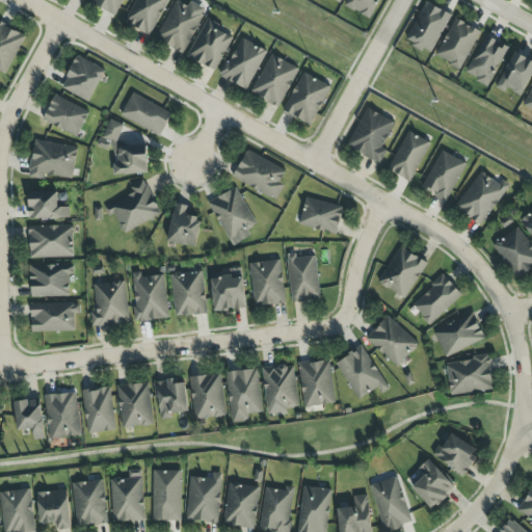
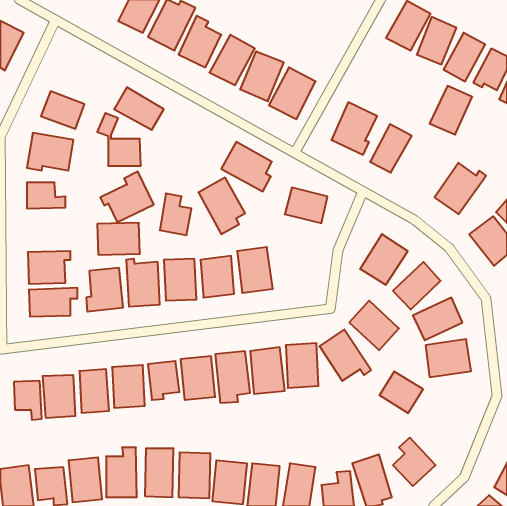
building: [61,56,104,101] -> none
building: [421,150,466,201] -> [430,86,472,135]
building: [28,224,73,258] -> [97,223,140,255]
building: [287,254,319,301] -> none
building: [432,431,478,475] -> [379,371,423,413]

